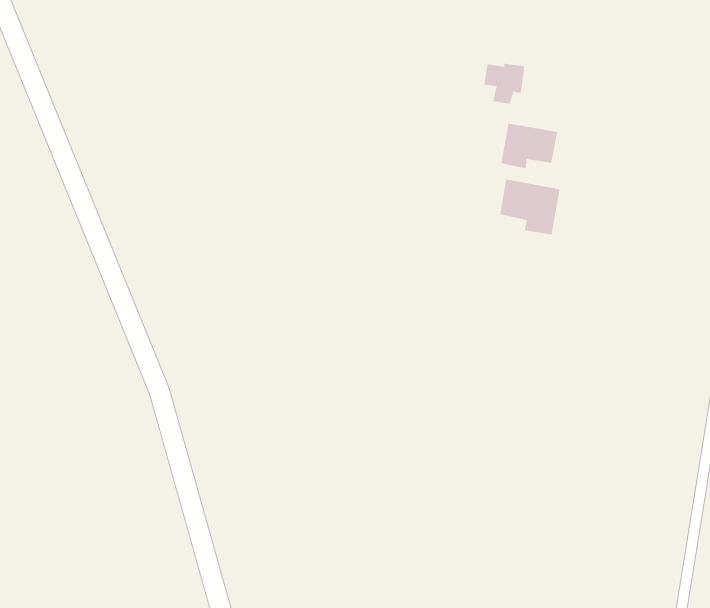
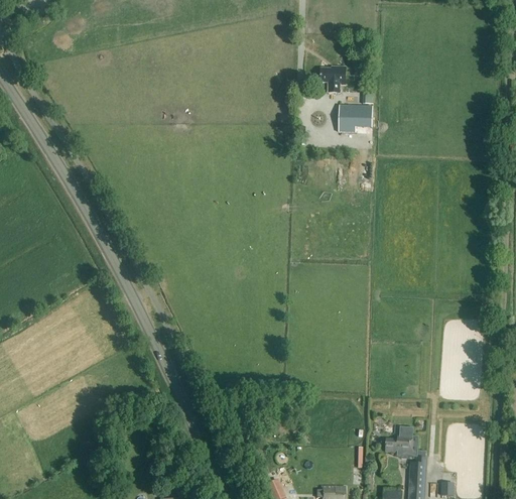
building: [500,179,561,235] -> none

